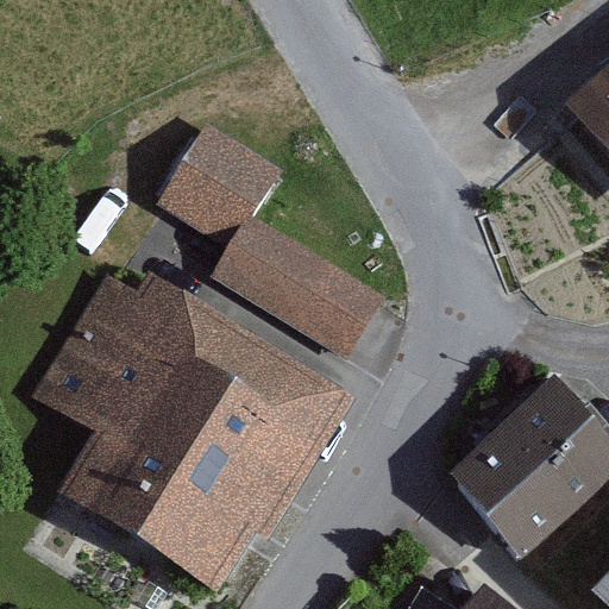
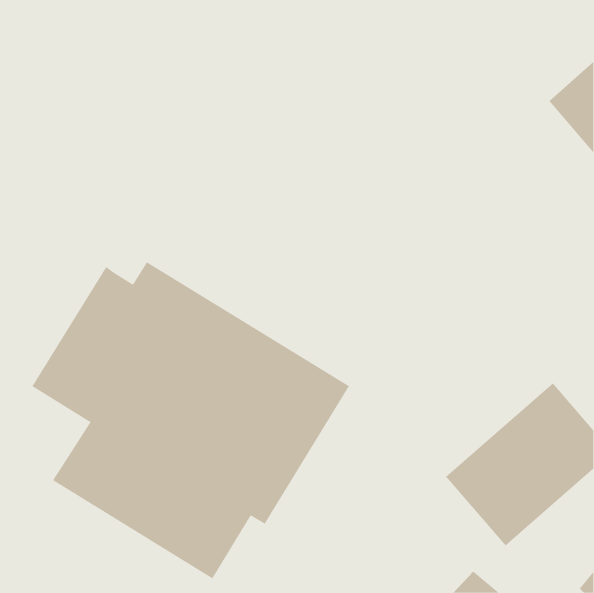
building: [155,123,385,357] -> none

